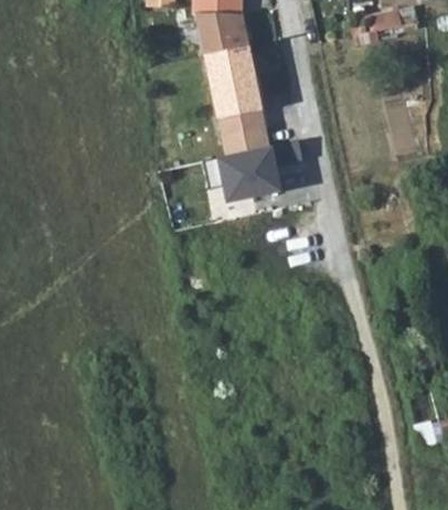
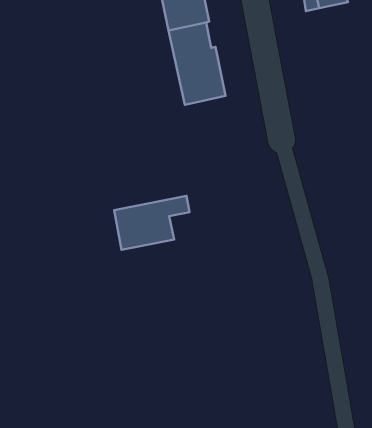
building: [220,142,301,201] -> [114,196,190,250]

